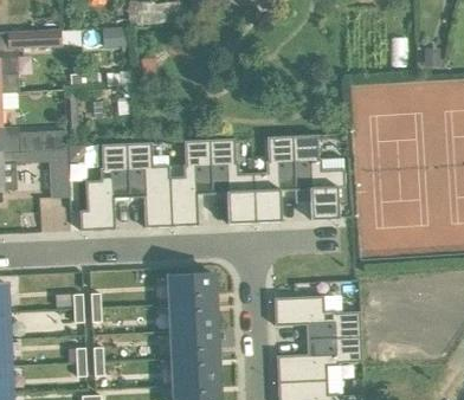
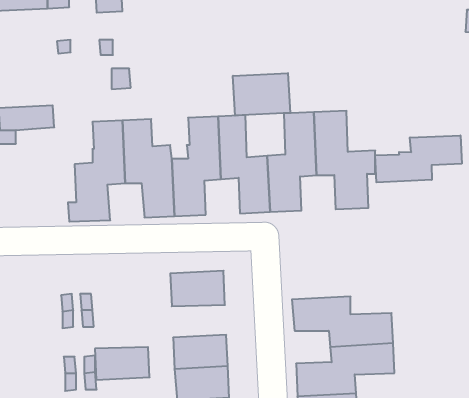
building: none -> [233,73,290,116]
building: [49,148,69,196] -> none
building: none -> [375,135,462,182]
building: [169,302,217,330] -> [95,347,150,380]

